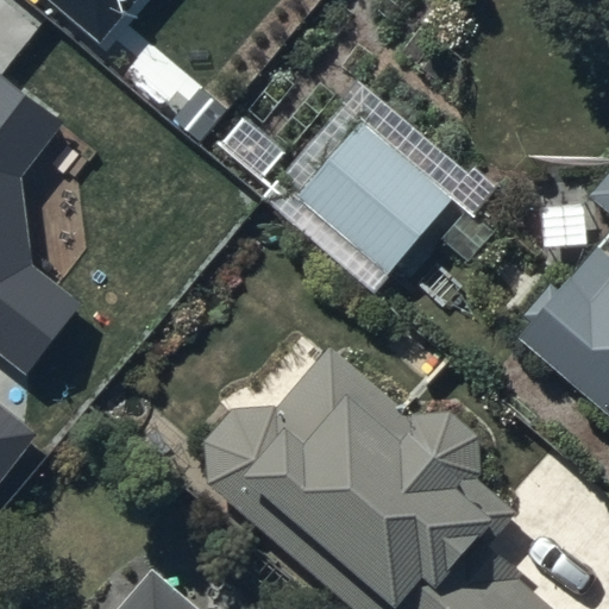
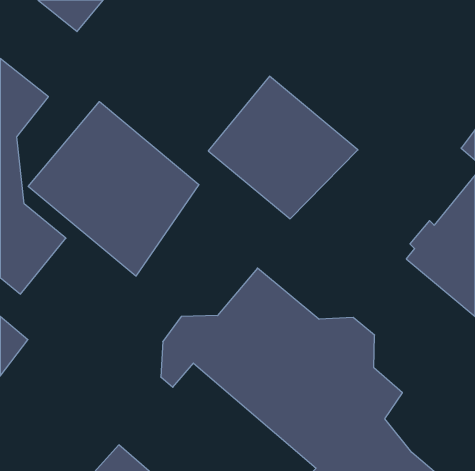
building: none -> [28,102,199,276]

